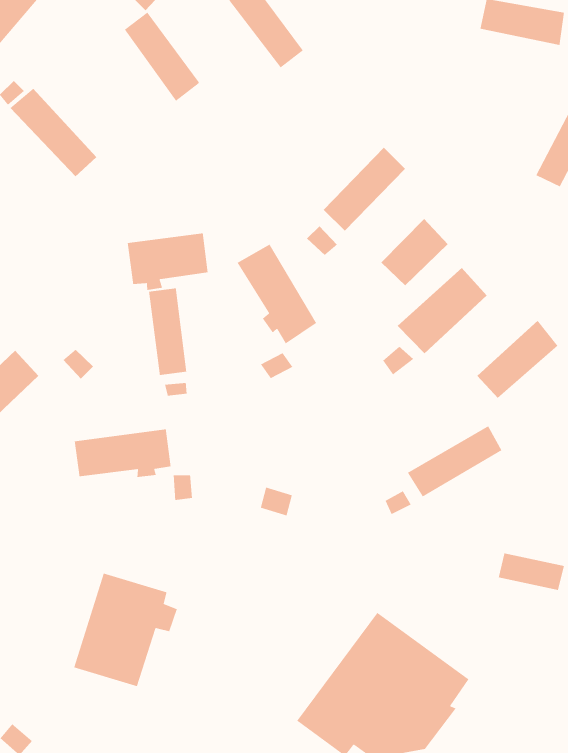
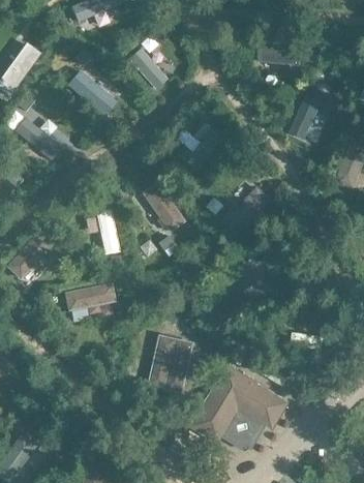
building: [381,218,449,286] -> none
building: [127,233,209,291] -> none
building: [477,320,559,399] -> none
building: [73,573,178,687] -> [148,336,200,394]

